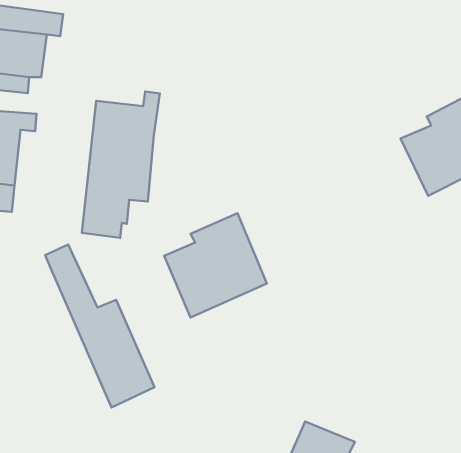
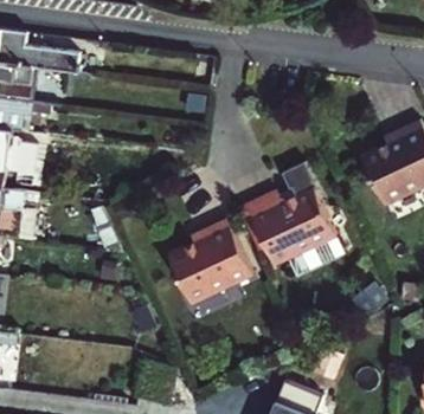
building: [82,91,160,238] -> none
building: none -> [242,159,336,273]
building: [45,244,154,407] -> none

